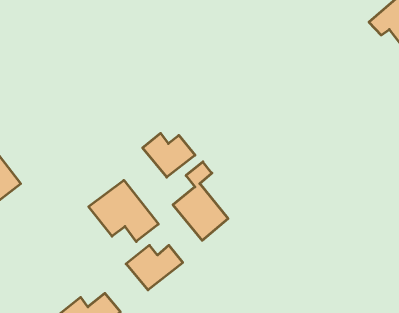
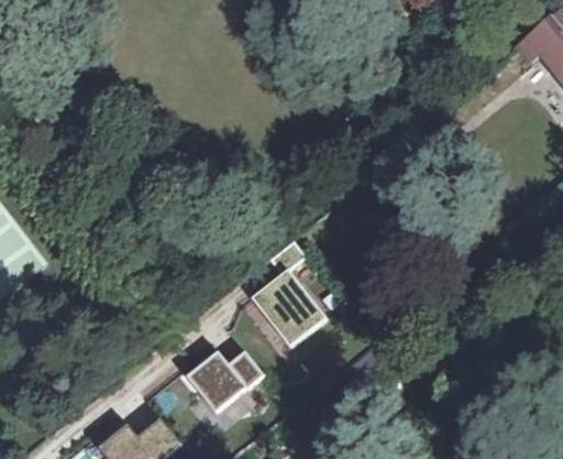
building: [143,133,195,177] -> none
building: [89,180,158,242] -> none

